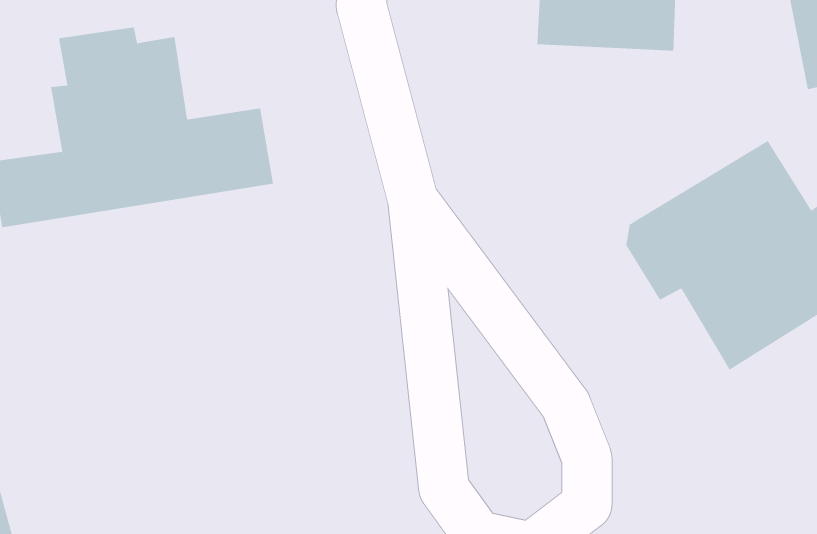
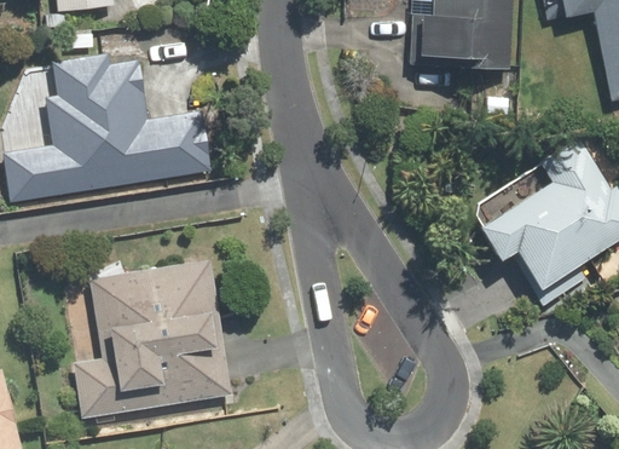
building: none -> [73,258,233,419]

